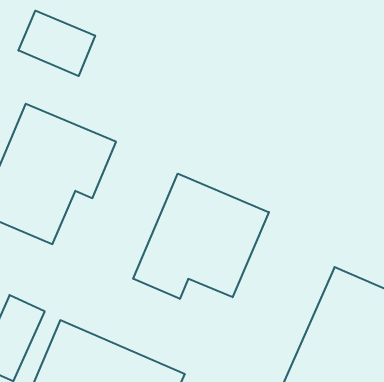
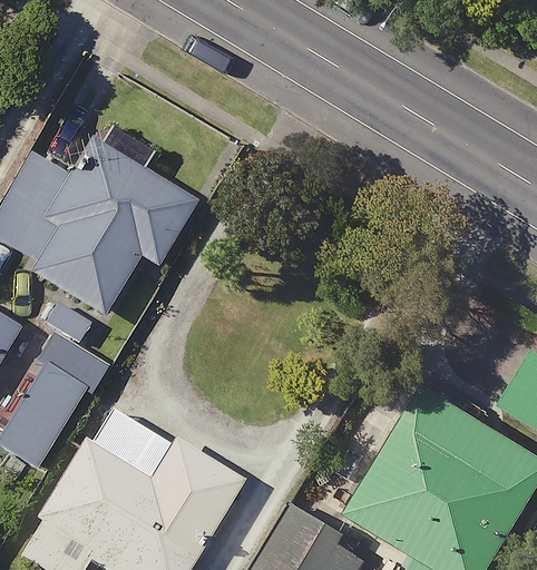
building: [18,11,95,76] -> none
building: [133,174,269,299] -> none

